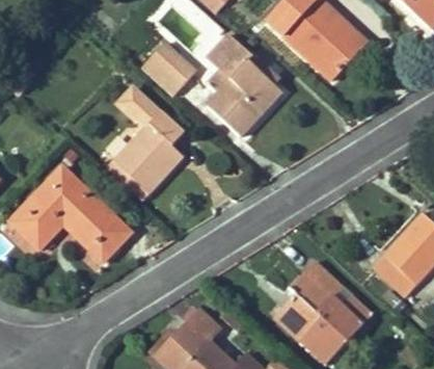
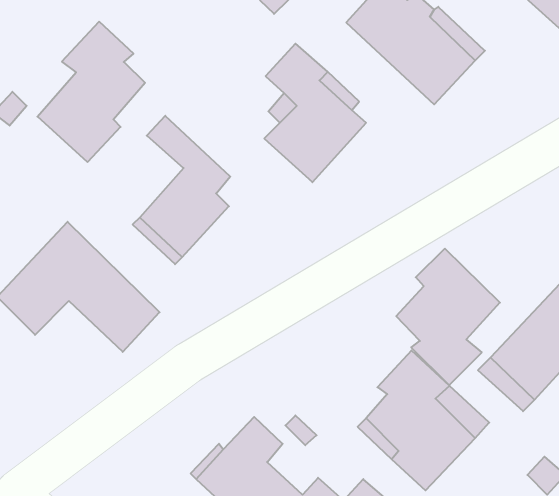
building: none -> [37,22,145,162]
building: [142,44,195,96] -> none
building: none -> [396,249,500,385]

